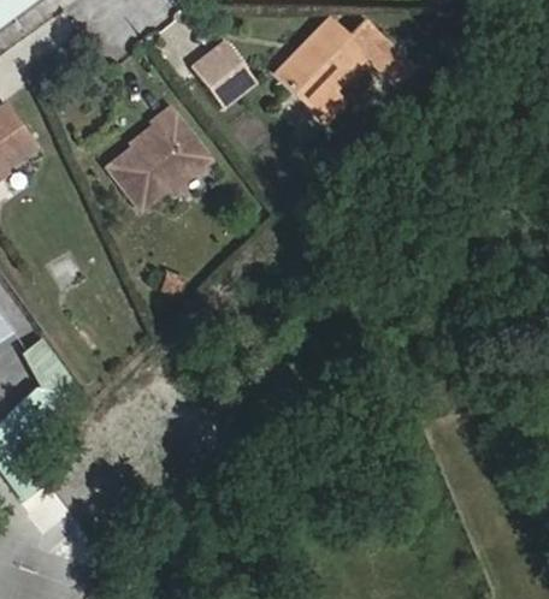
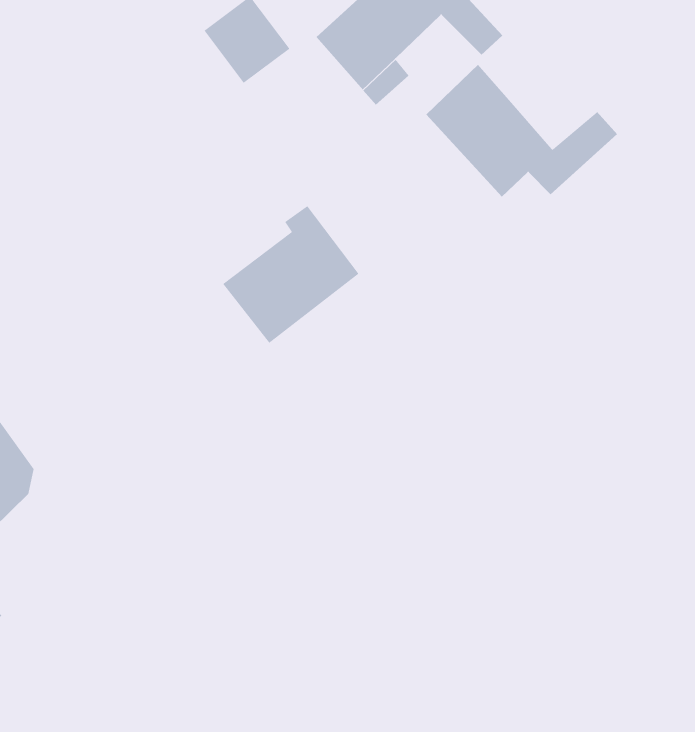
building: none -> [425,64,618,198]
building: [110,107,208,207] -> [222,205,360,344]

